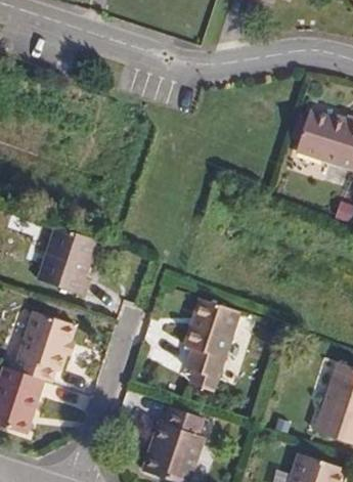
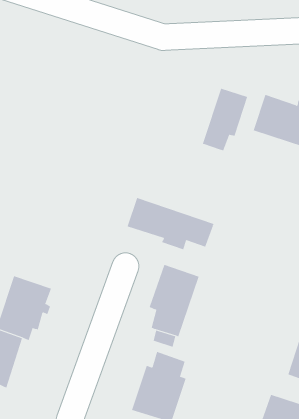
building: none -> [202,88,248,151]
building: none -> [127,197,214,250]
building: [32,226,91,296] -> none

